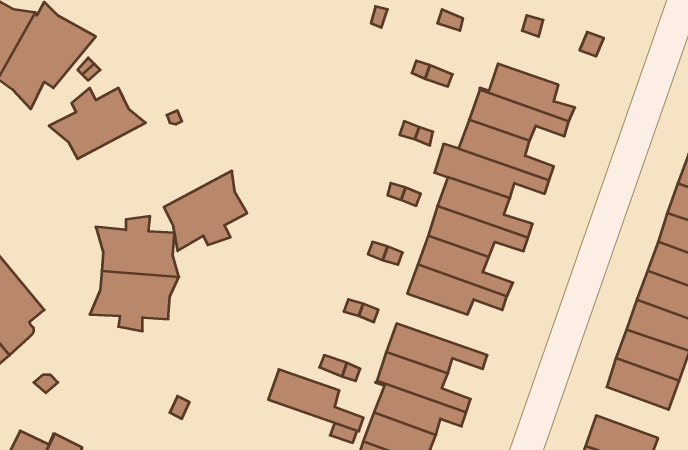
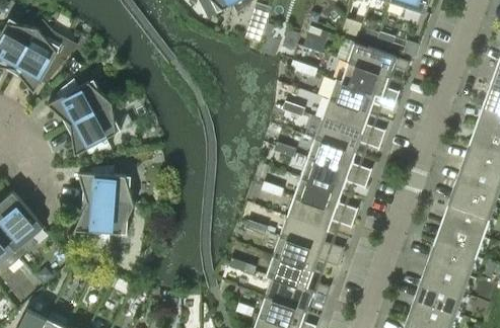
building: none -> [348,43,410,77]
building: [164,171,247,251] -> [66,102,122,156]
building: [268,369,363,431] -> [280,217,344,258]
building: none -> [414,279,462,314]

